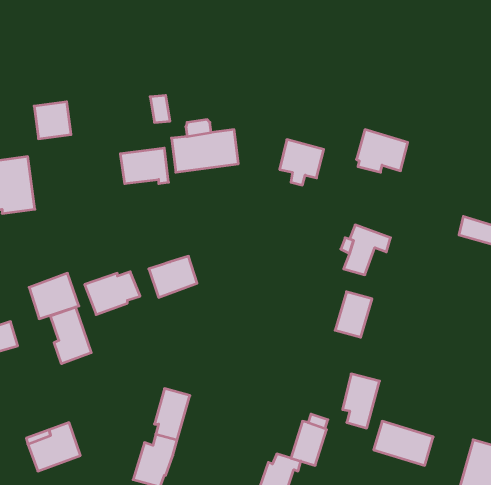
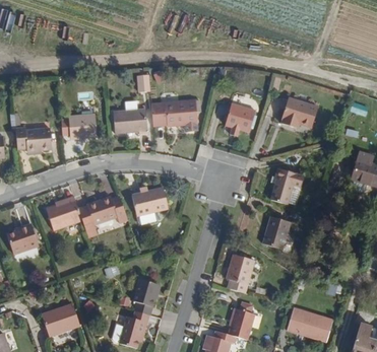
building: [34,102,71,139] -> [65,119,91,145]
building: [51,307,91,364] -> none
building: [343,374,380,428] -> [230,253,256,291]

